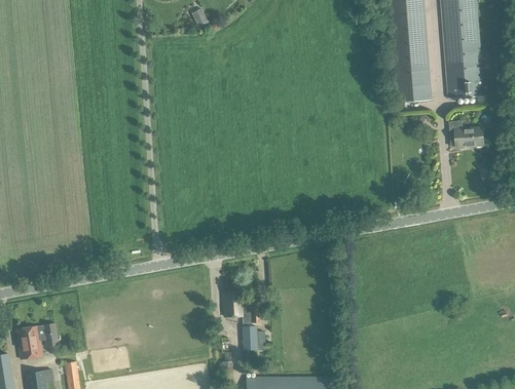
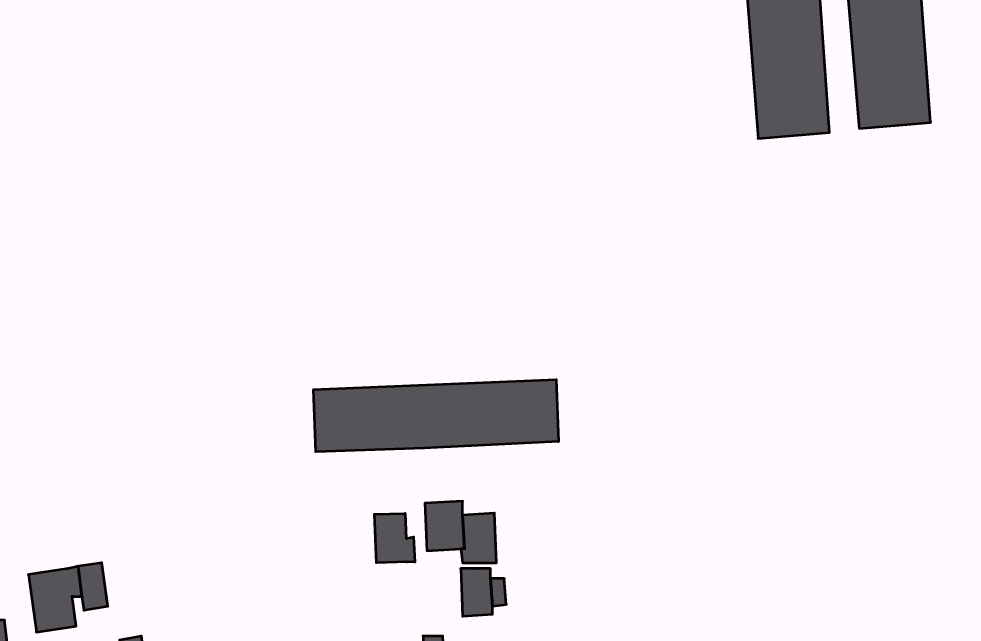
building: [450,127,483,149] -> none
building: none -> [314,380,558,452]
building: none -> [374,513,415,563]

